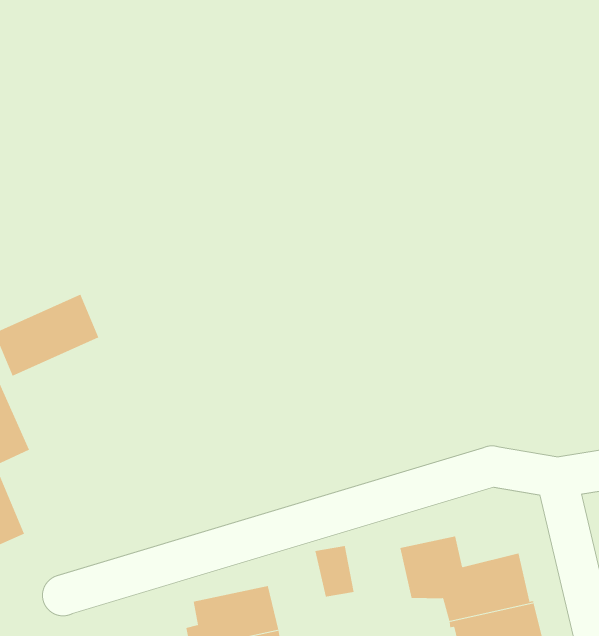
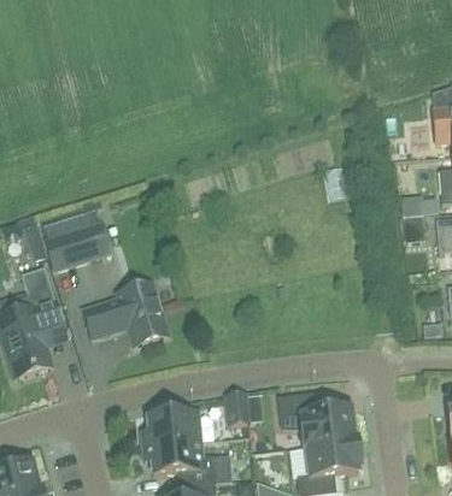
building: none -> [84,281,168,343]

